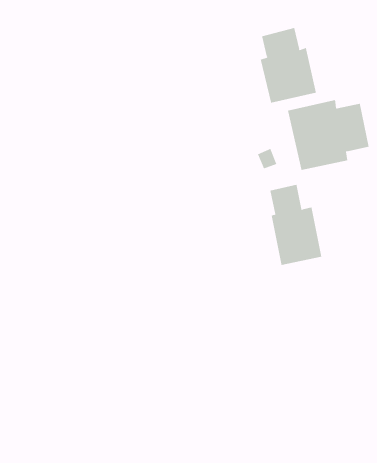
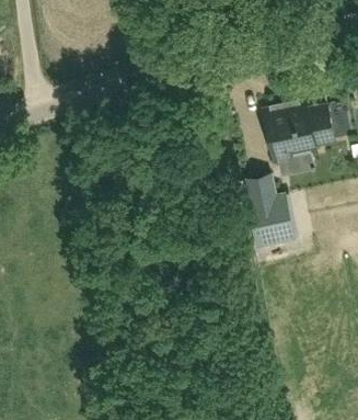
building: [260,27,317,104] -> none

